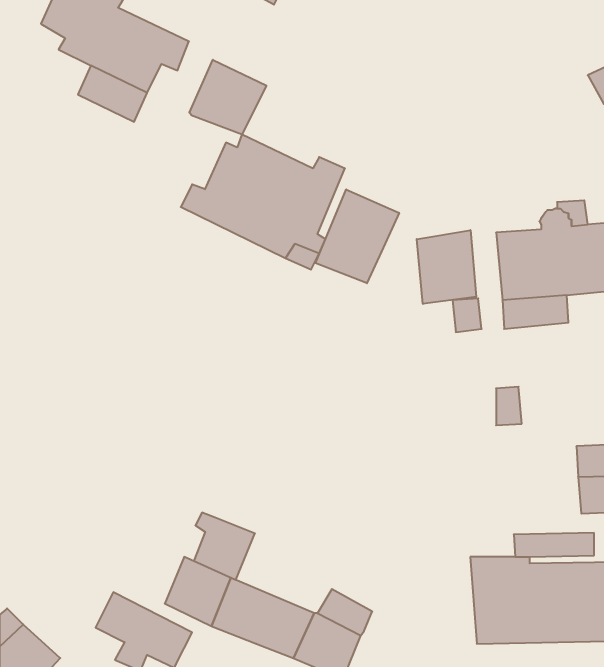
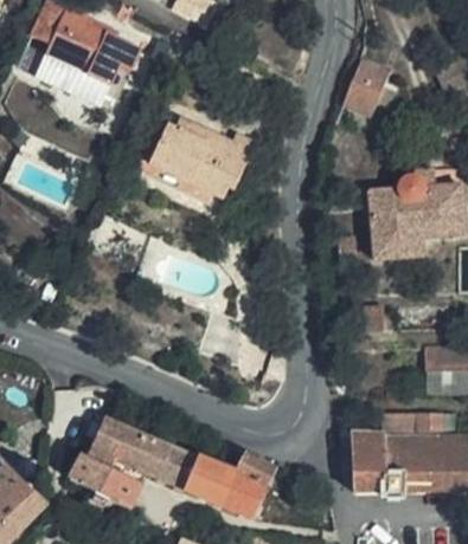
building: none -> [336,54,387,114]
building: [189,60,266,135] -> none
building: [316,189,399,283] -> none
building: [417,230,476,304] -> none
building: [194,513,255,580] -> [91,413,136,462]

